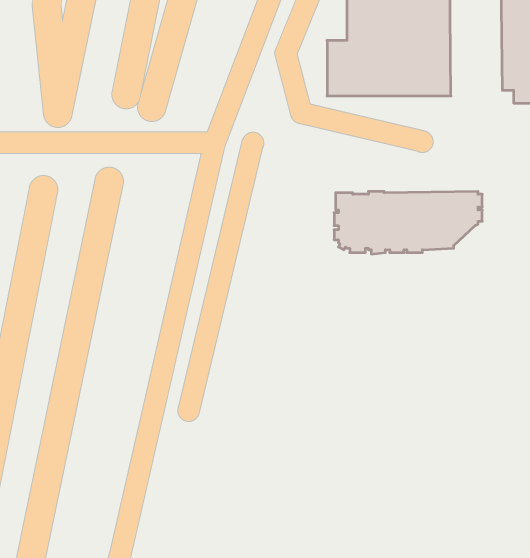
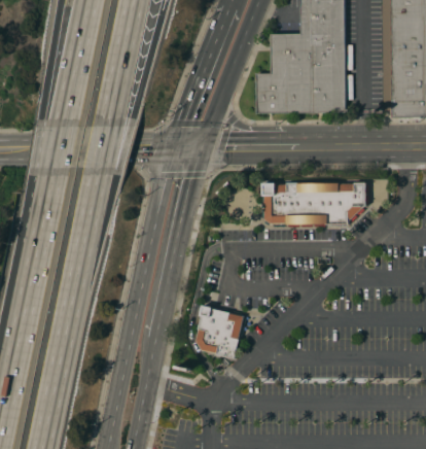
building: none -> [196,306,243,358]

